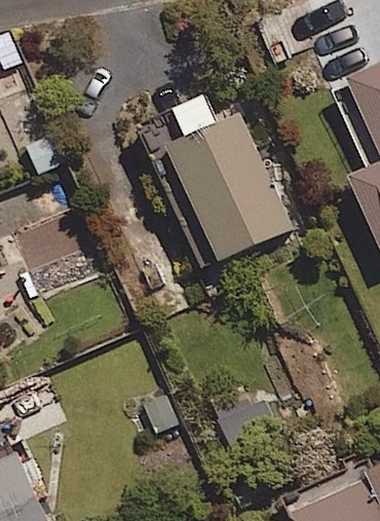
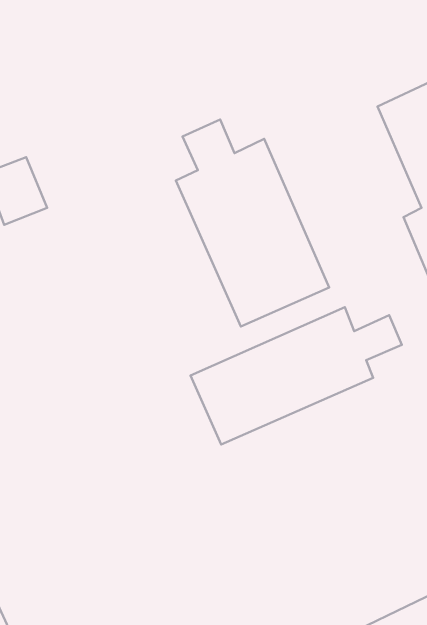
building: none -> [191,307,402,445]

